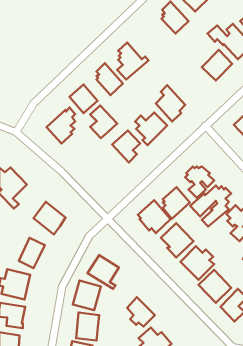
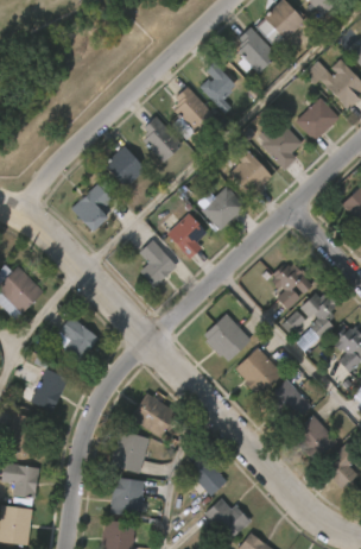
building: none -> [201,61,238,113]
building: none -> [259,124,302,170]
building: [90,105,117,138] -> [139,240,178,288]
building: [163,187,190,219] -> none

